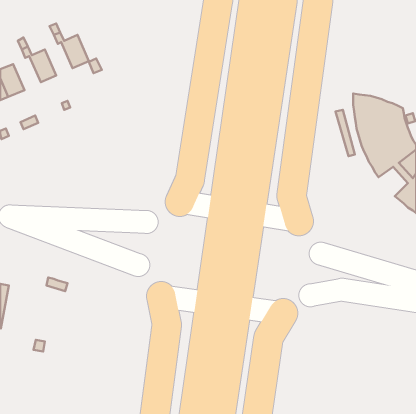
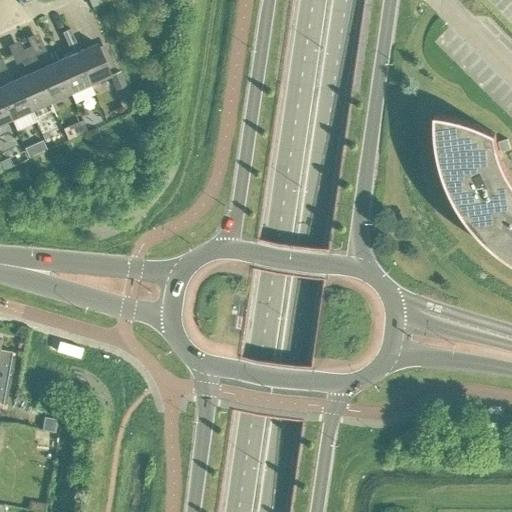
building: none -> [55,54,93,105]
building: none -> [16,71,50,113]
building: none -> [465,207,501,243]

